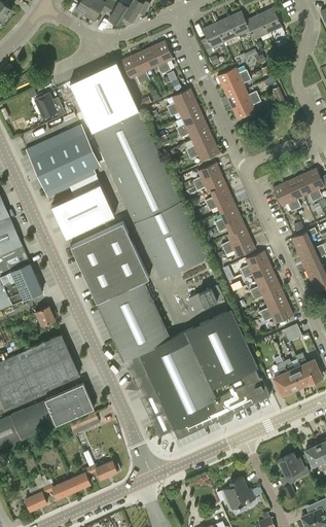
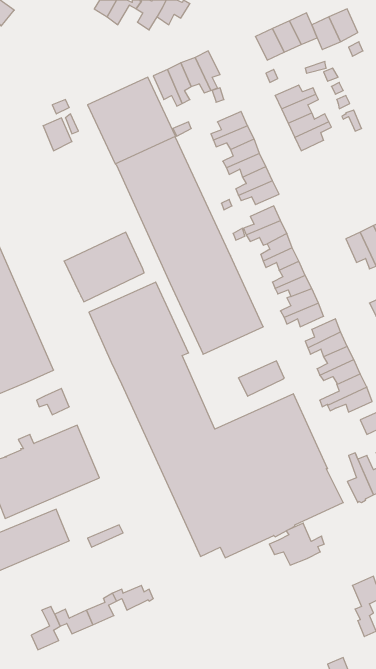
building: [27,125,100,197] -> none
building: [45,384,94,424] -> none
building: [216,477,259,510] -> [269,523,324,565]

